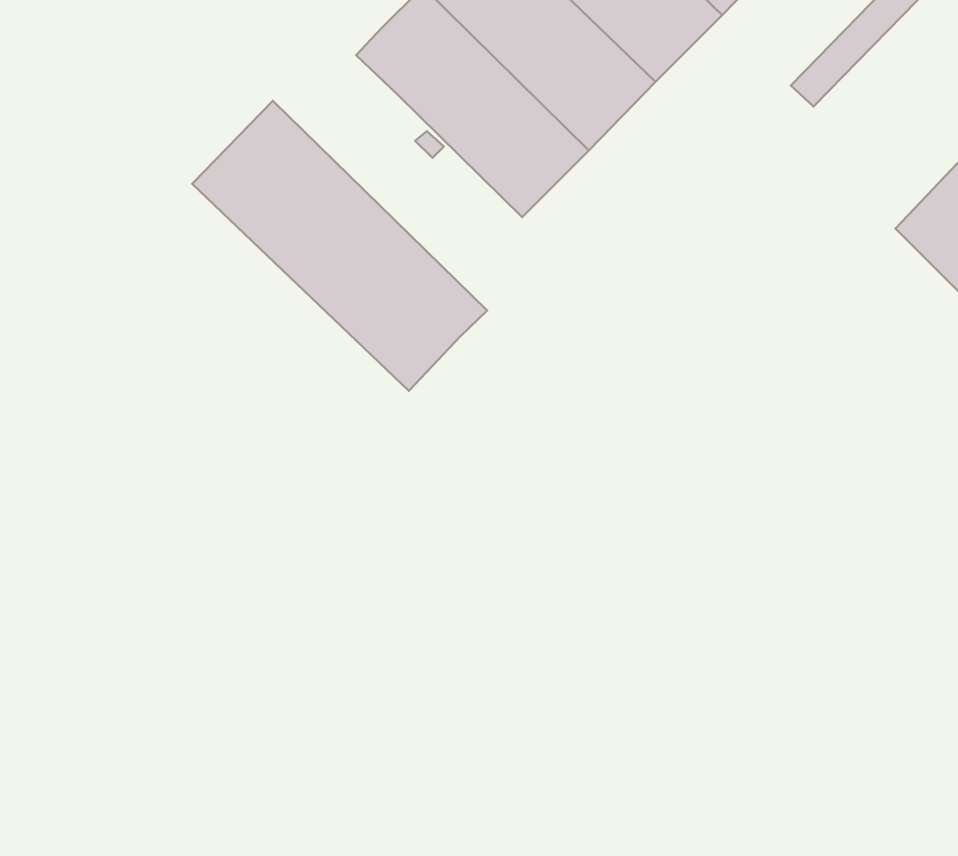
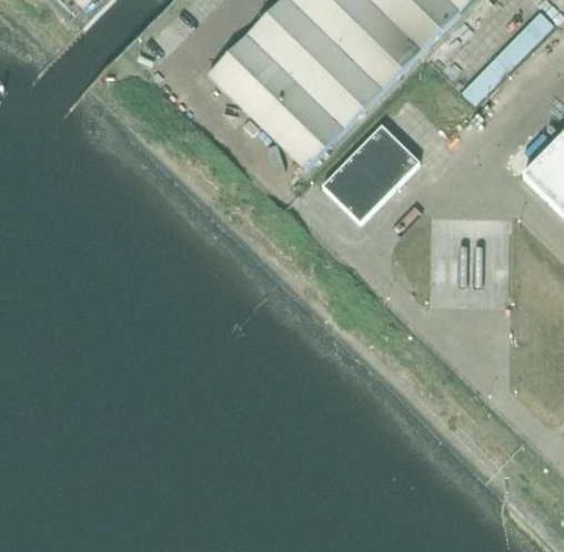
building: [192,101,487,391] -> none
building: none -> [322,125,421,223]

